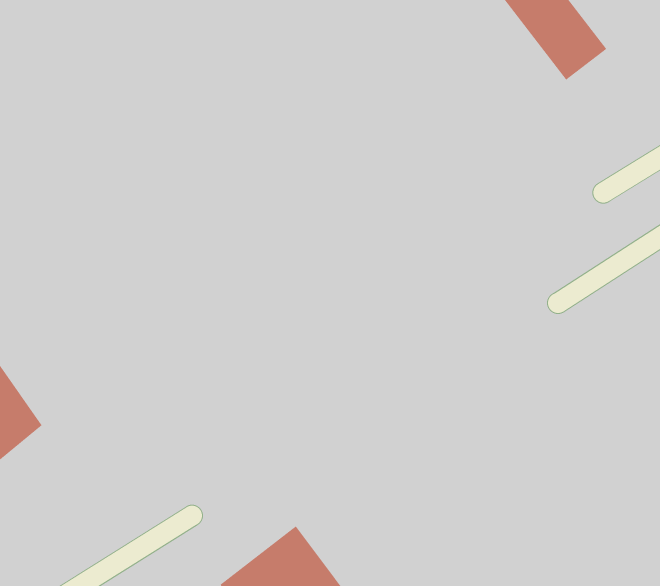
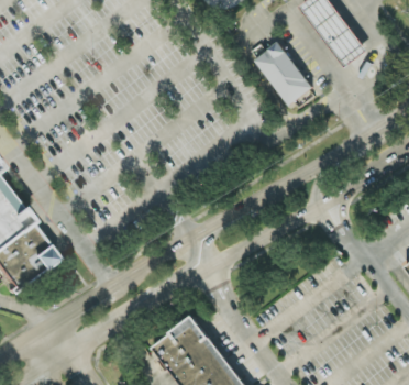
building: none -> [252,43,312,110]

